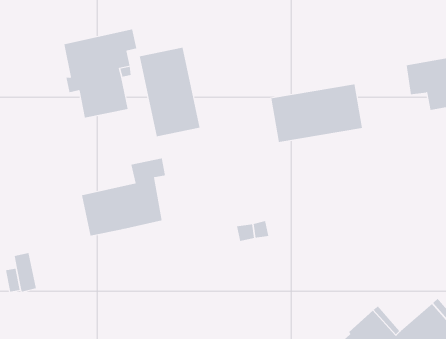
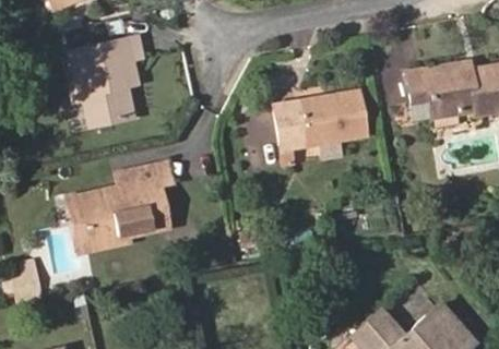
building: [139,47,200,137] -> none
building: none -> [70,170,141,251]

